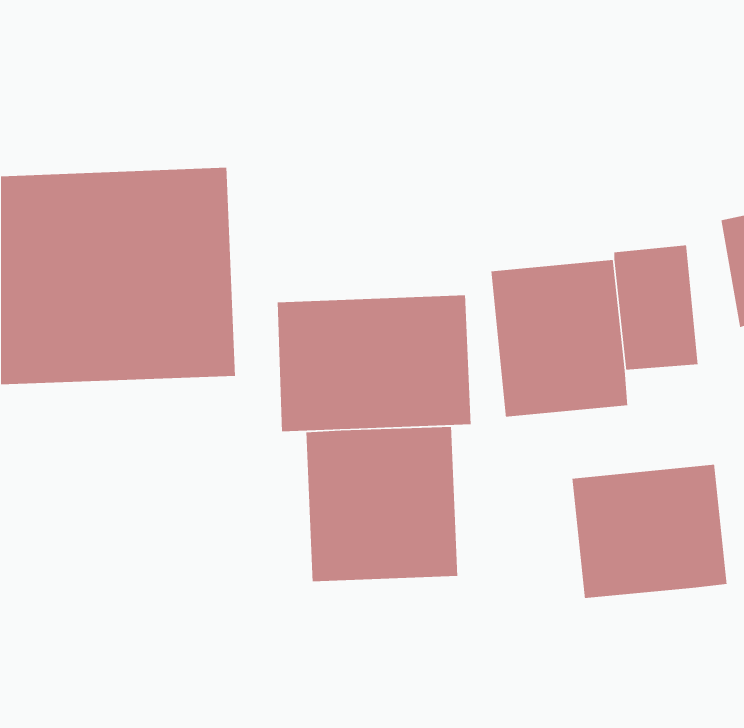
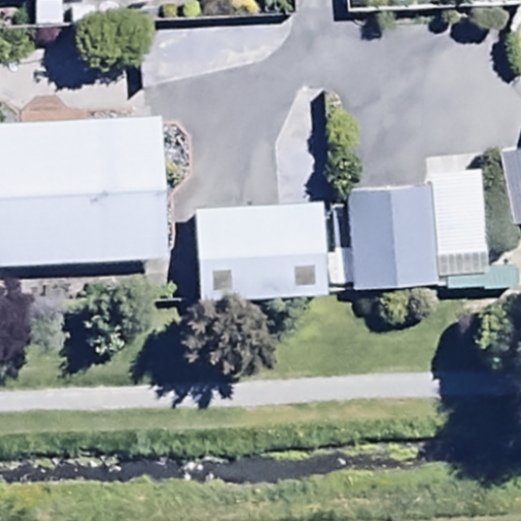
building: [306,426,458,582] -> none
building: [571,464,727,599] -> none

